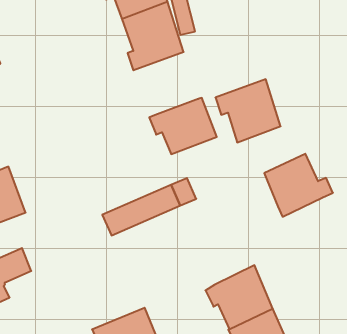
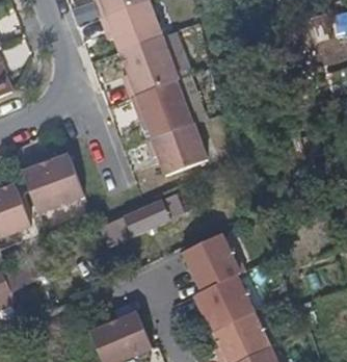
building: [215,79,281,142] -> [129,80,188,137]
building: none -> [21,152,82,211]
building: [264,154,333,217] -> [186,234,248,291]

